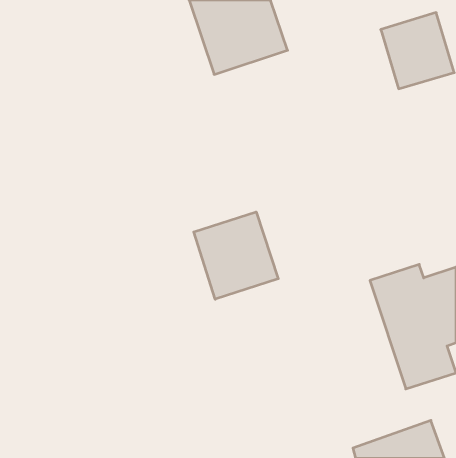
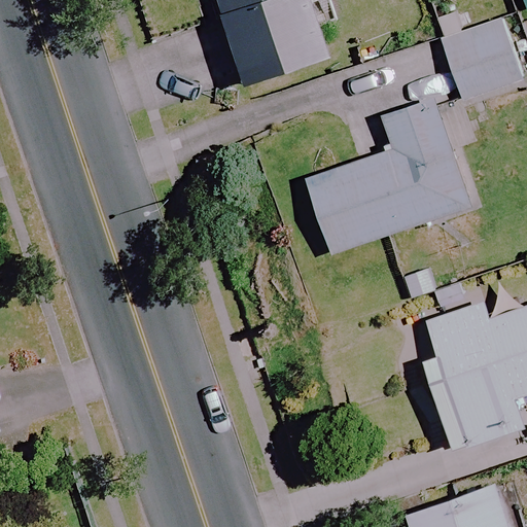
building: none -> [308,100,467,253]
building: [194,212,278,299] -> none

